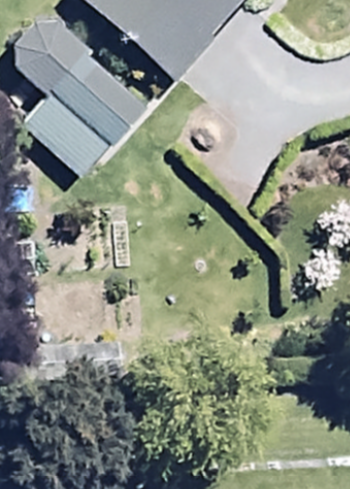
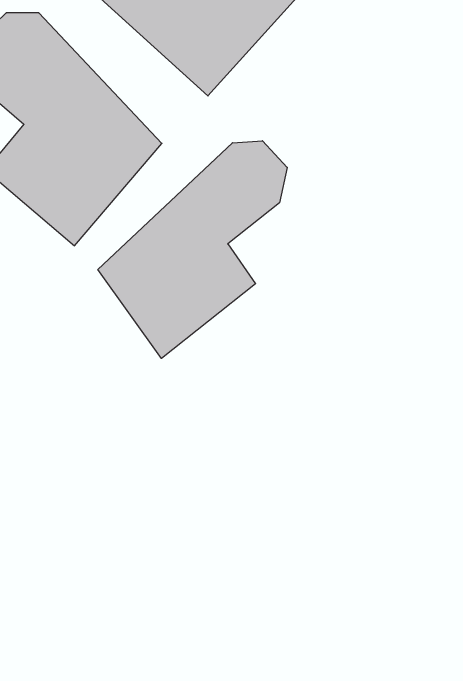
building: none -> [98,141,287,358]

